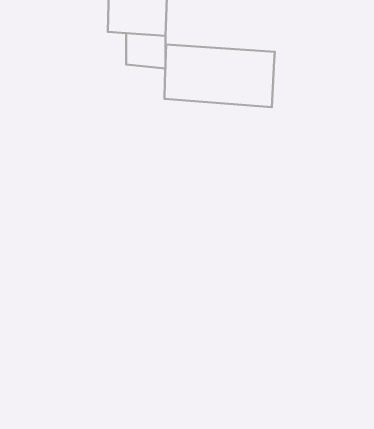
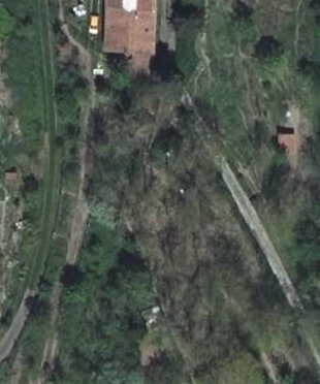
building: [164,45,275,107] -> none

